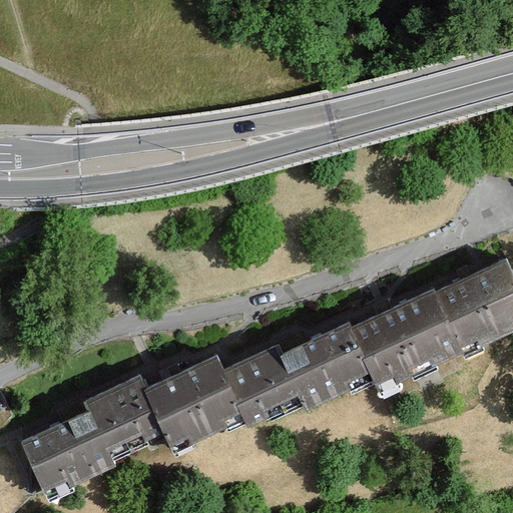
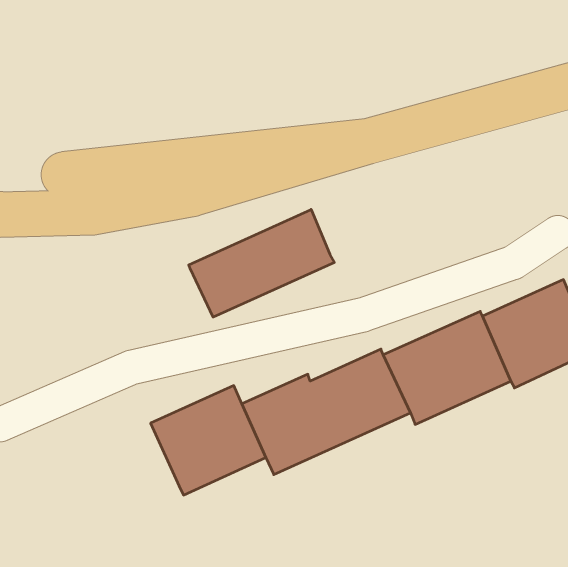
building: none -> [189,209,334,317]
building: [19,377,170,498] -> none

